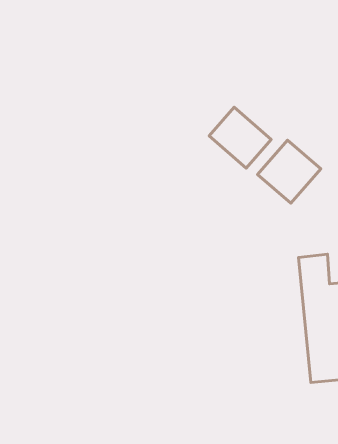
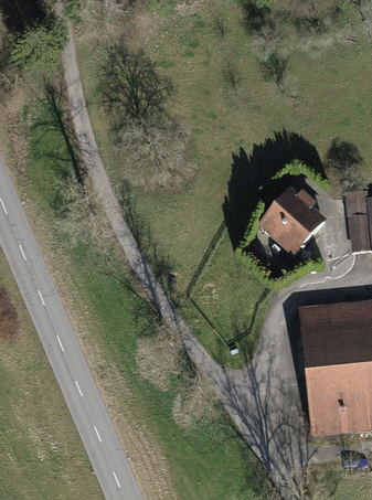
building: [209,107,271,168] -> none

